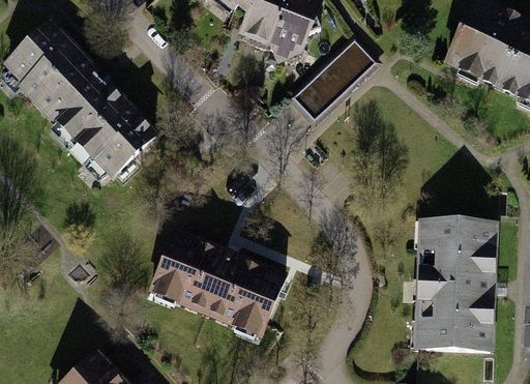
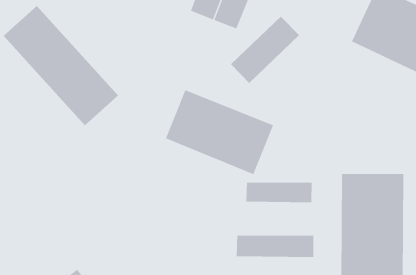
building: [146,229,282,335] -> [165,89,274,175]
building: none -> [246,182,312,203]
building: none -> [236,235,314,258]

